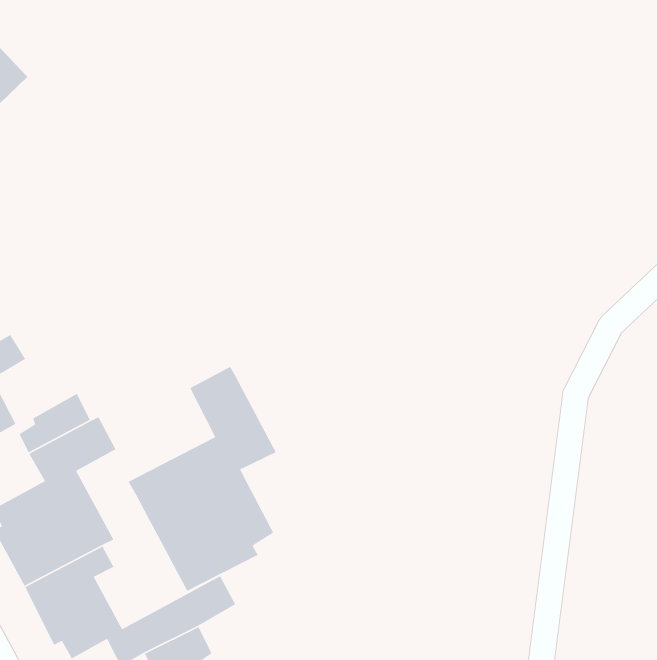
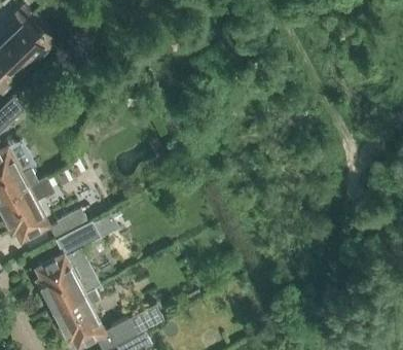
building: [127,366,277,592] -> none

